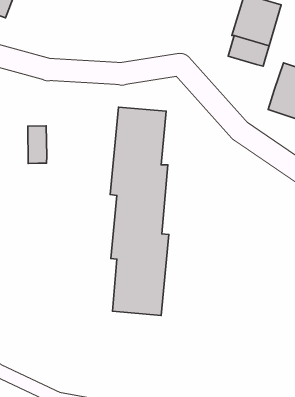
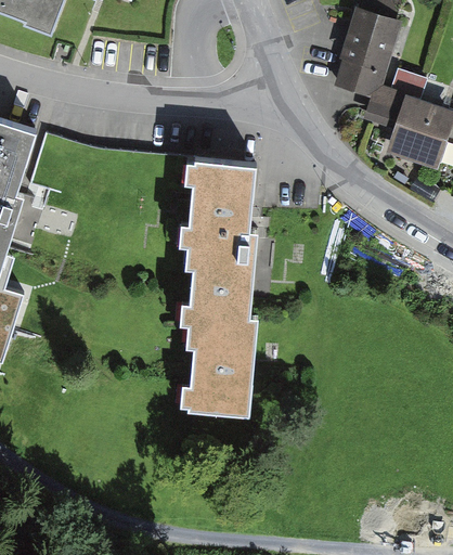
building: none -> [364,86,405,128]
building: [28,126,47,164] -> none

